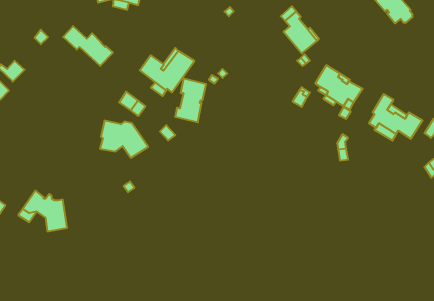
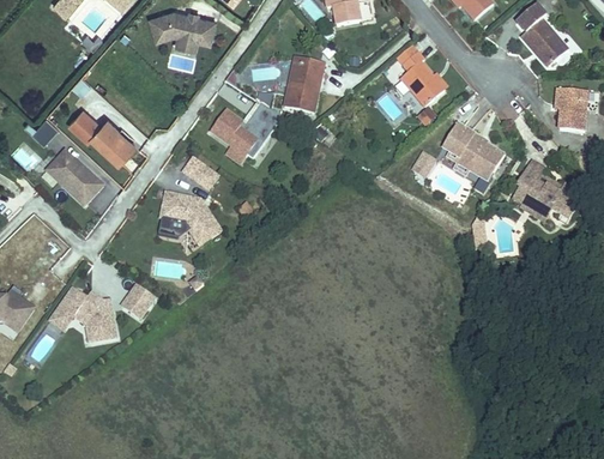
building: [63,26,113,66] -> [68,110,134,163]
building: none -> [555,89,586,132]
building: [175,79,206,122] -> [284,56,325,114]
building: none -> [47,151,103,206]
building: none -> [122,286,153,319]

